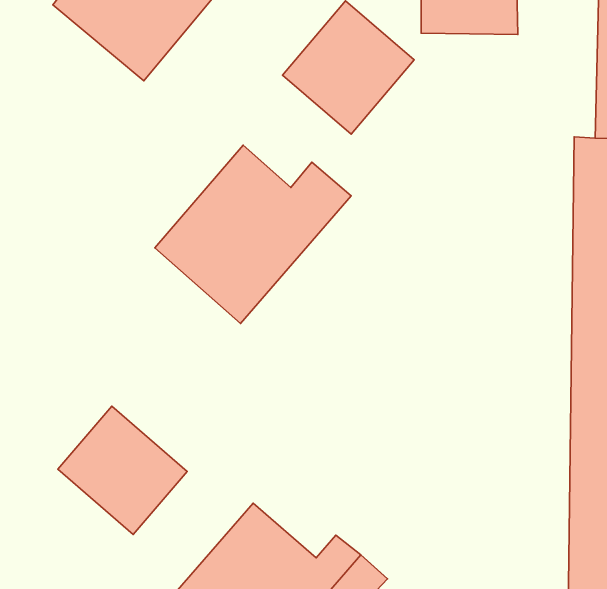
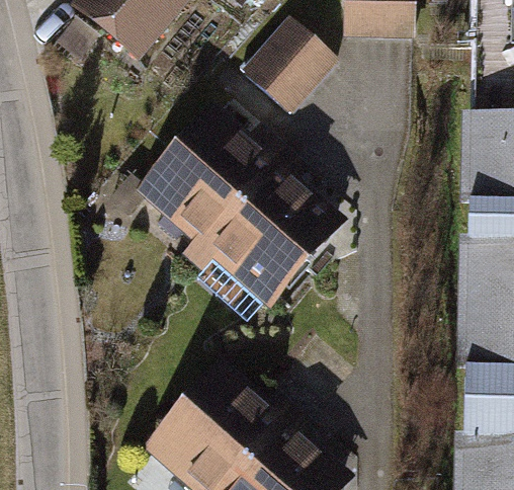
building: none -> [215,156,341,302]
building: [58,406,187,534] -> none

